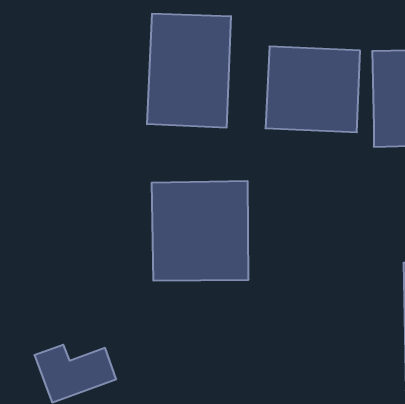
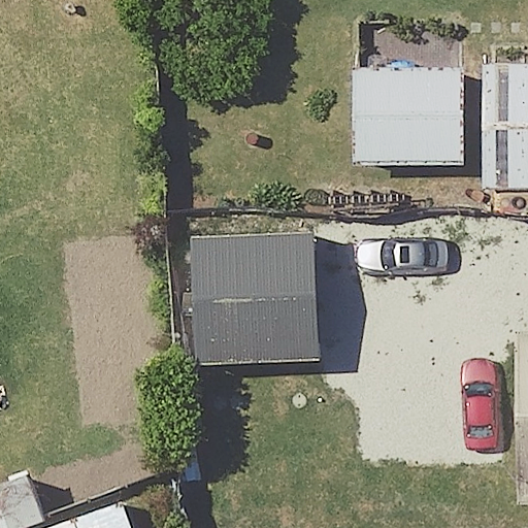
building: [147,14,231,128] -> none

